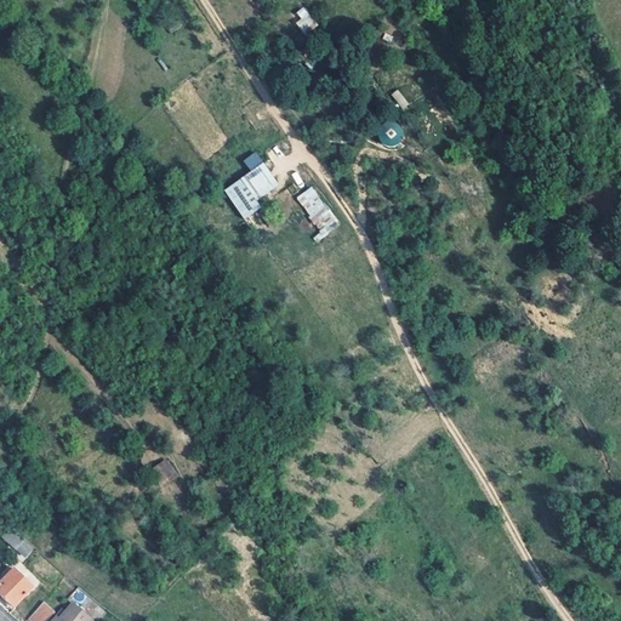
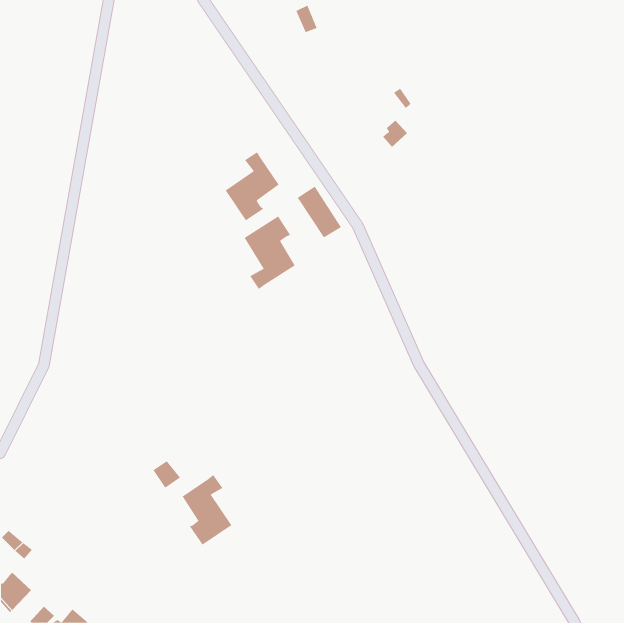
building: none -> [244,216,296,290]
building: none -> [182,474,232,546]

